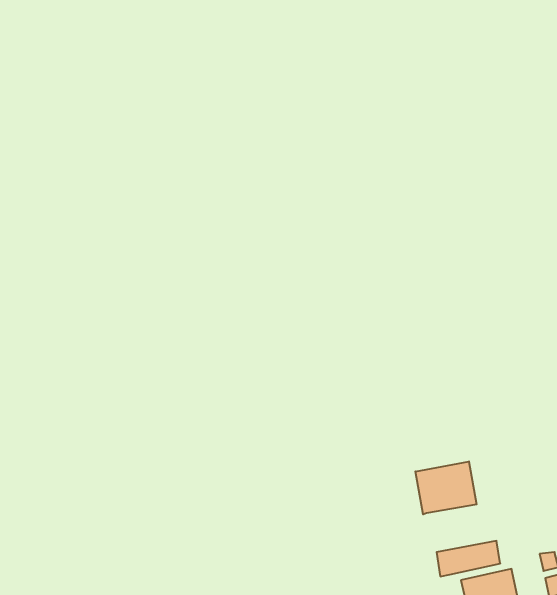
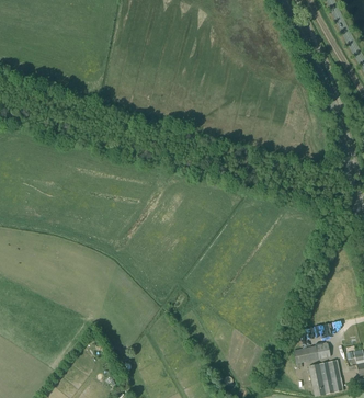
building: [415,461,477,514] -> none

